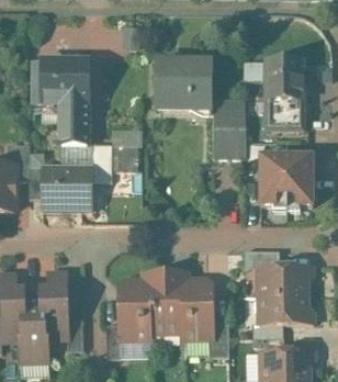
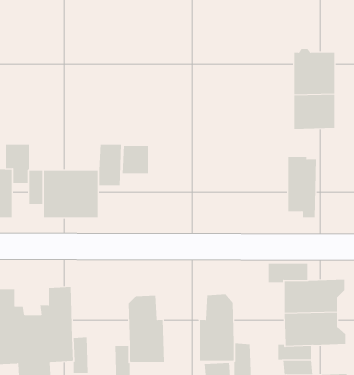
building: [43,60,88,145] -> none
building: [156,60,246,159] -> none
building: [285,155,312,210] -> none
building: [142,272,188,339] -> none

